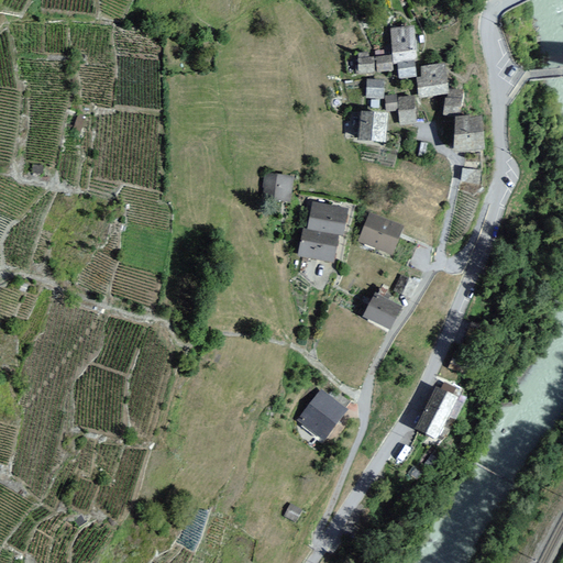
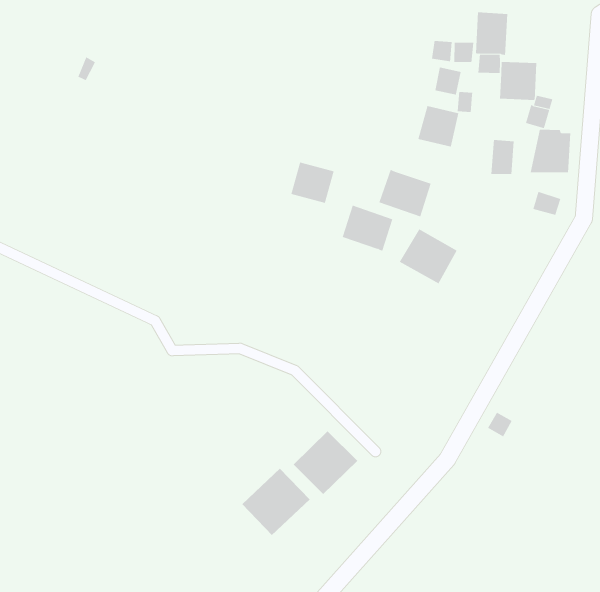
building: [397,95,417,124] -> [491,139,514,175]
building: [298,227,339,262] -> [379,169,431,217]
building: [363,291,402,329] -> none
building: [409,384,456,442] -> none
building: none -> [241,468,310,536]

